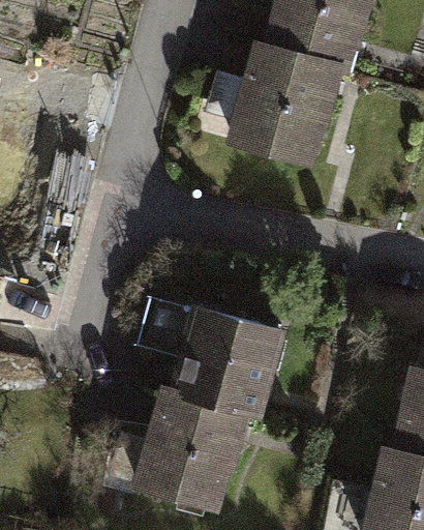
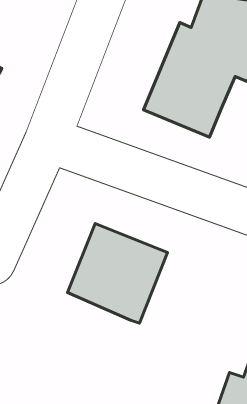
building: [124,379,247,505] -> none

